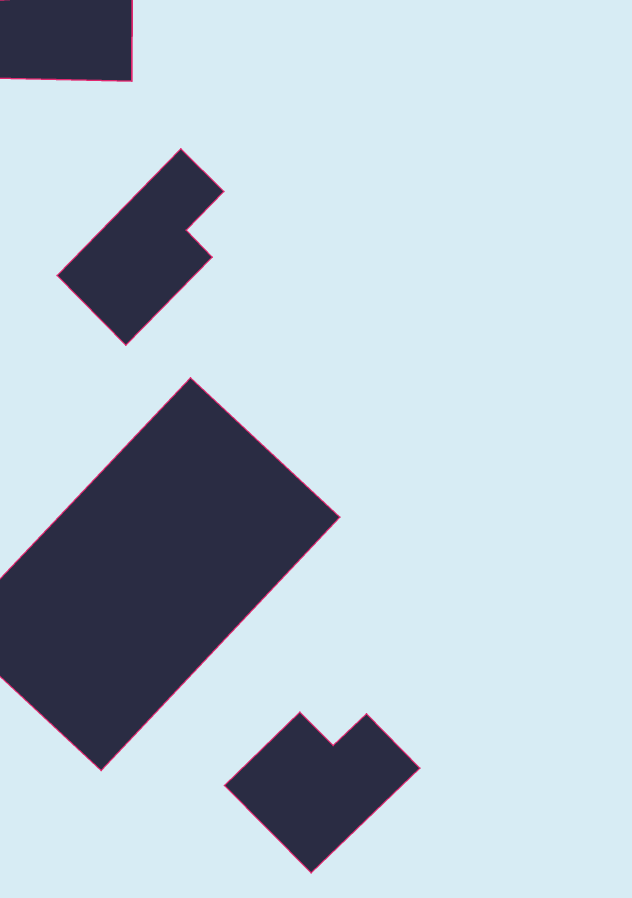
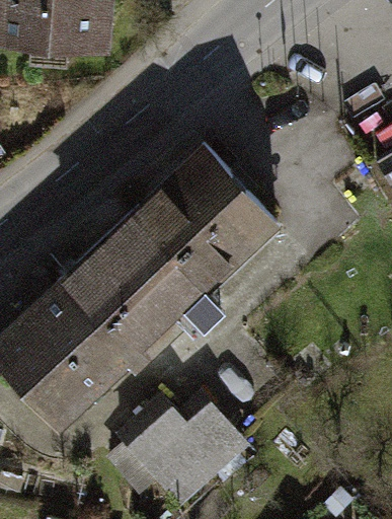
building: [57,149,224,345] -> none
building: none -> [132,150,277,296]

